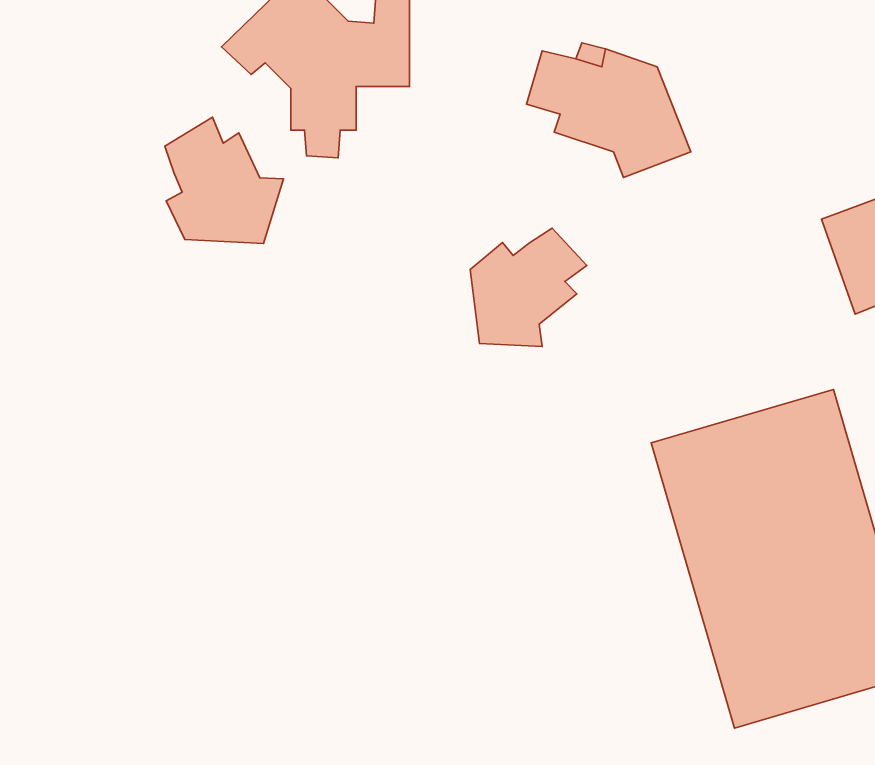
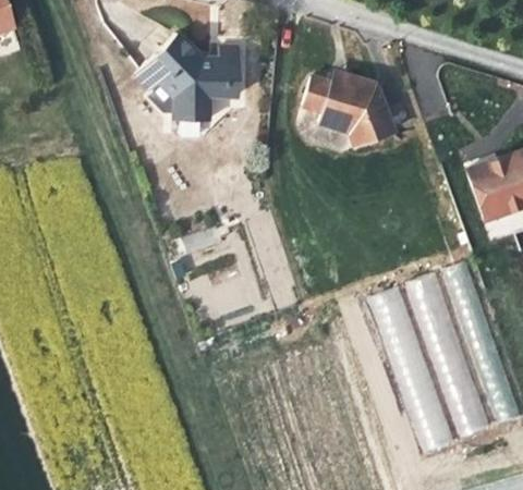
building: [165,117,284,243] -> none
building: [470,228,587,346] -> none

